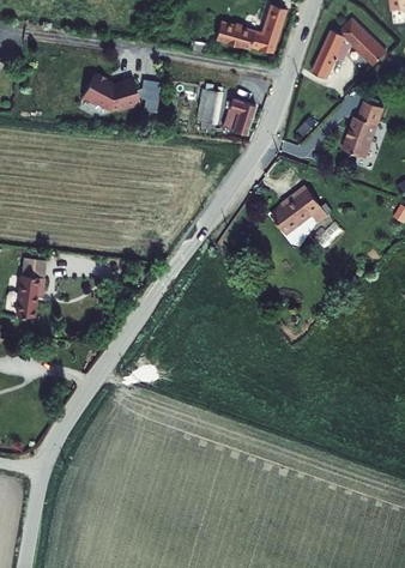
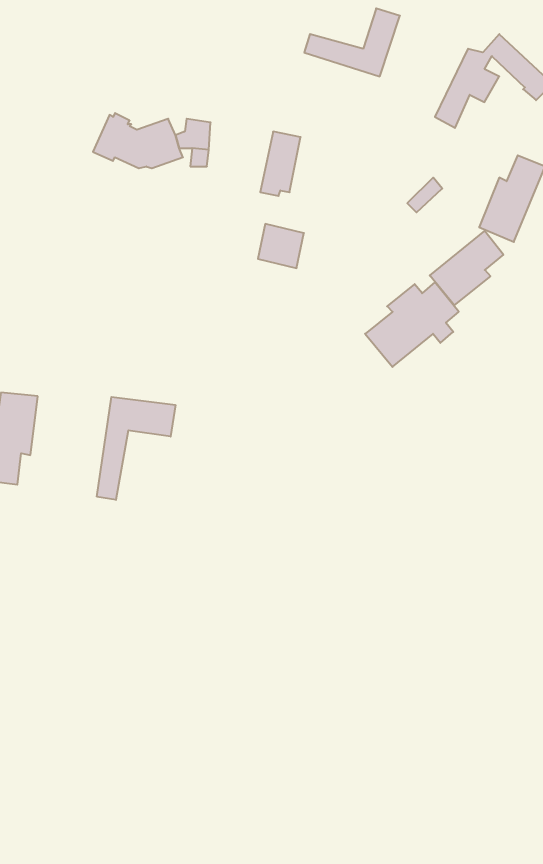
building: [226,99,256,128] -> [258,224,304,268]
building: none -> [430,231,503,305]
building: none -> [97,397,175,500]

